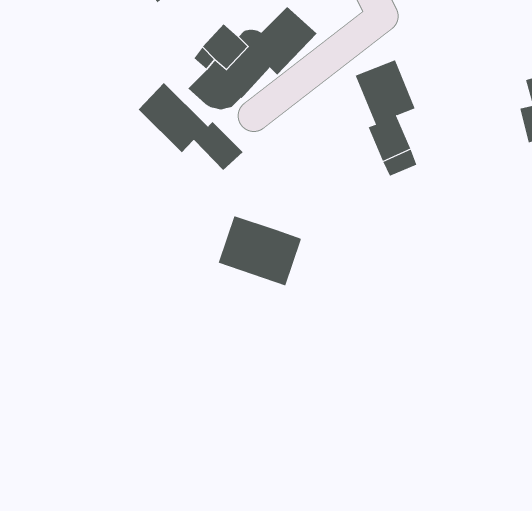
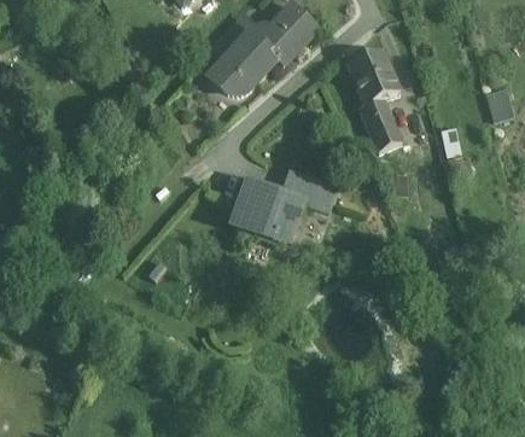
building: [138,82,244,171] -> none
building: none -> [282,173,334,210]

